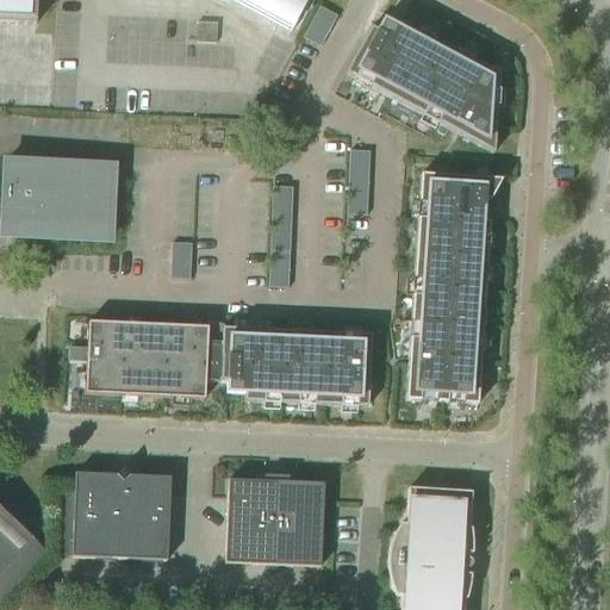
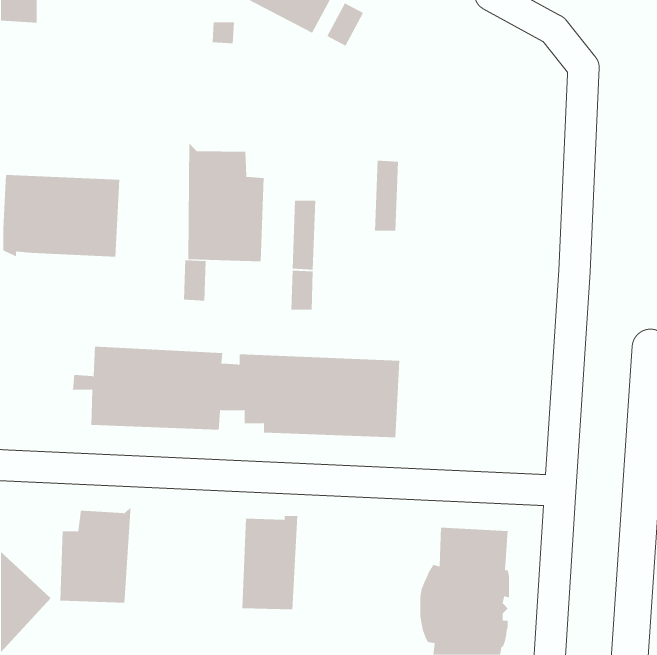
building: [347,18,500,150] -> none
building: none -> [188,142,264,262]
building: [406,172,502,403] -> none
building: [118,467,172,559] -> none
building: [273,475,324,565] -> none

